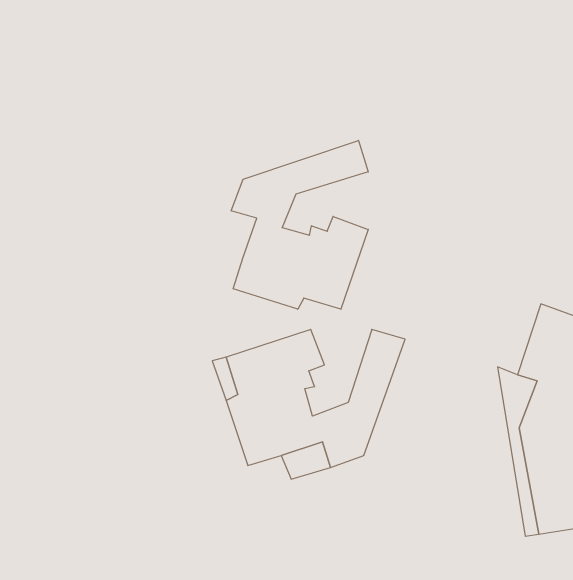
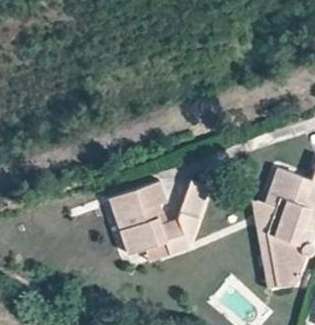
building: [231,140,368,309] -> none

